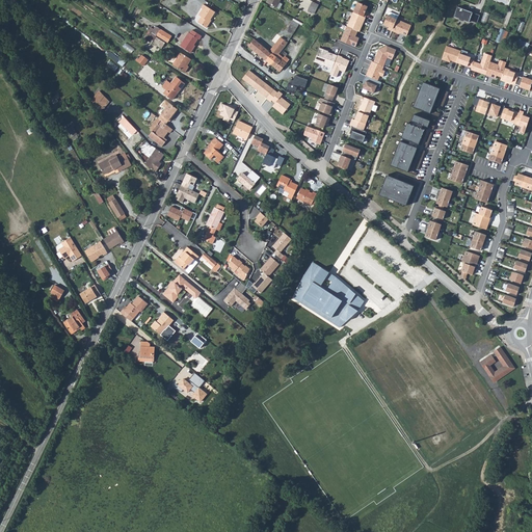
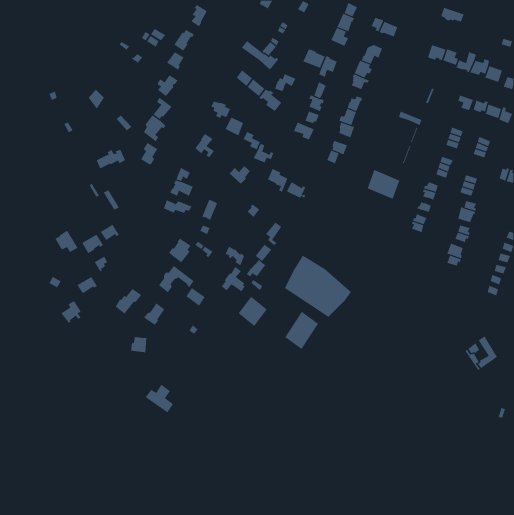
building: [413,82,440,117] -> none
building: [389,123,423,176] -> none
building: none -> [238,296,268,327]
building: none -> [284,311,319,350]
building: [177,372,207,402] -> [145,384,174,413]

